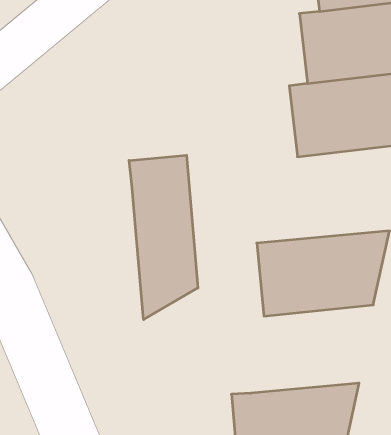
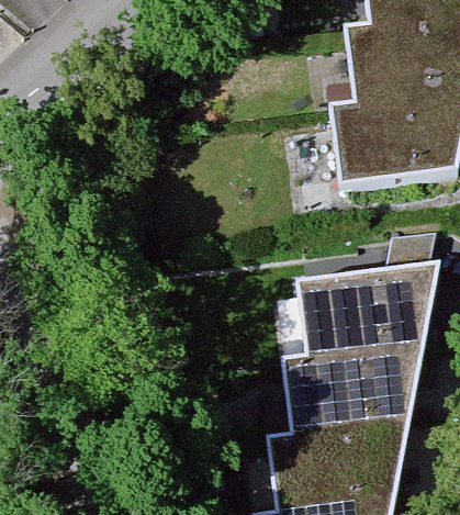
building: [129,155,198,320] -> none
building: none -> [284,344,425,439]

